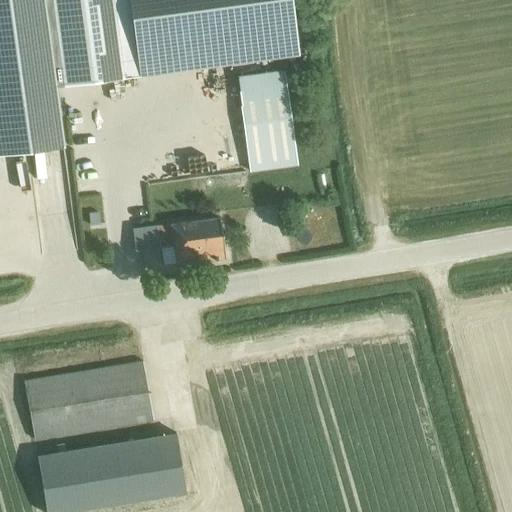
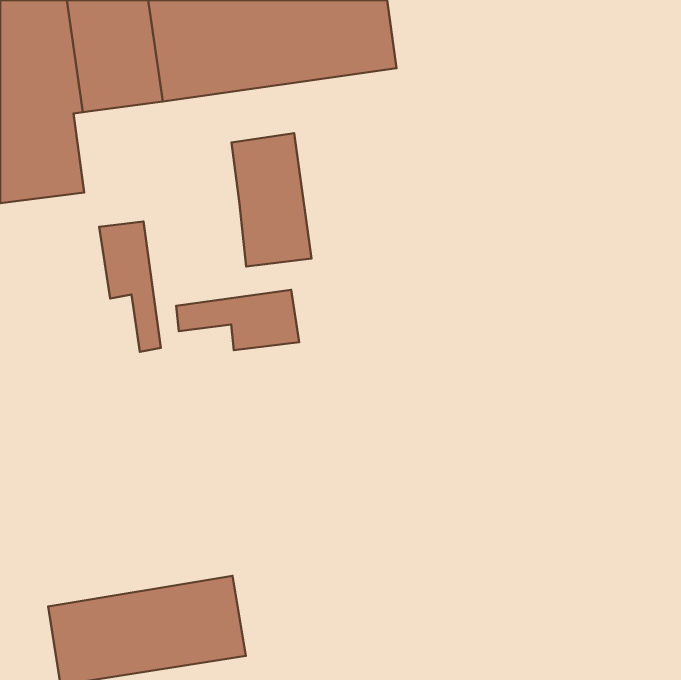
building: [237,71,297,171] -> [231,133,312,267]
building: none -> [99,222,161,352]
building: [24,362,153,440] -> none

